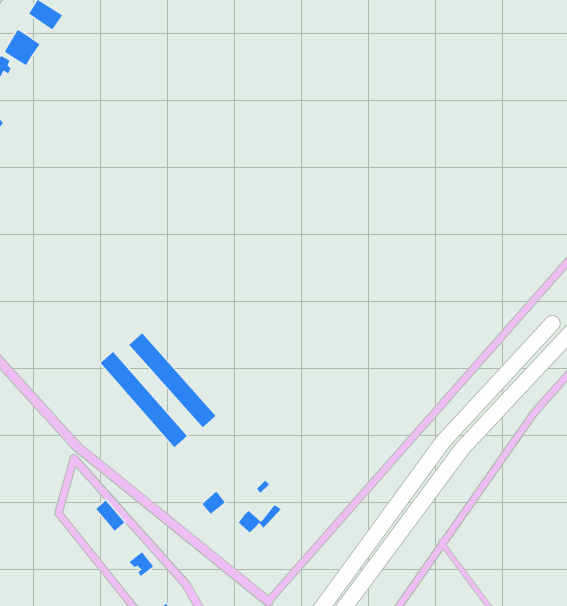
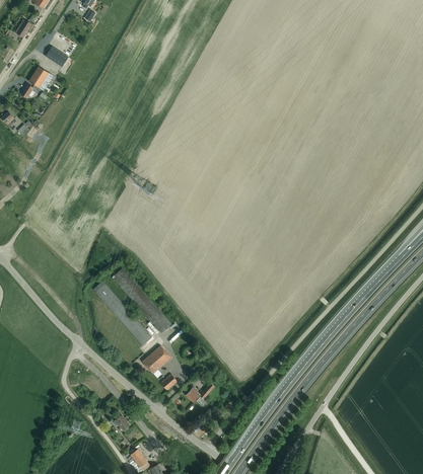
building: none -> [142,345,171,374]

